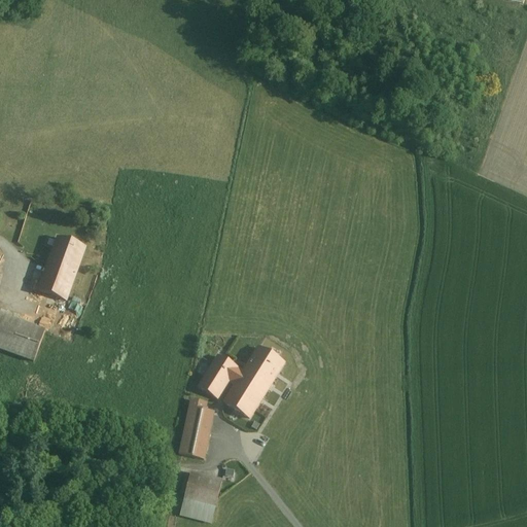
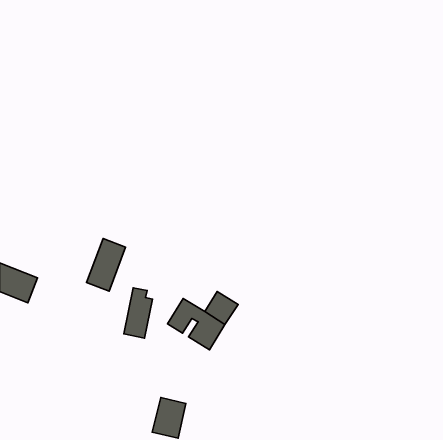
building: [38,236,84,298] -> [87,238,126,291]
building: [178,397,212,457] -> [124,288,152,338]

